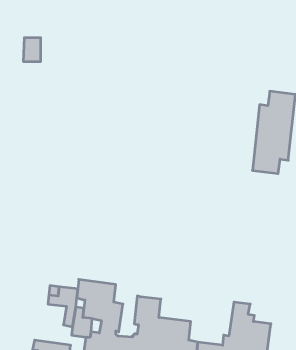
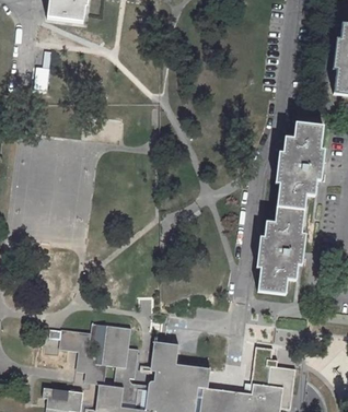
building: none -> [258,207,304,294]

